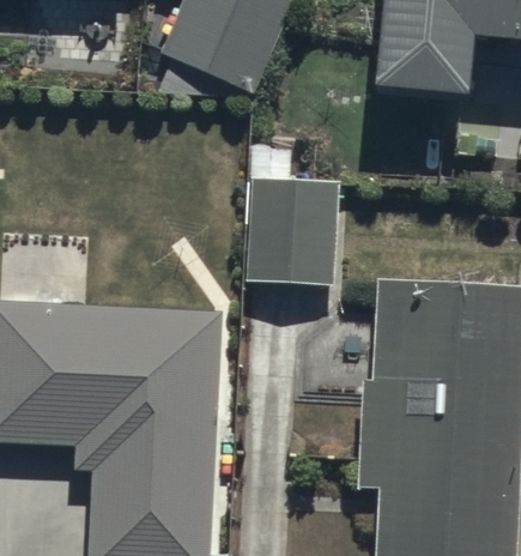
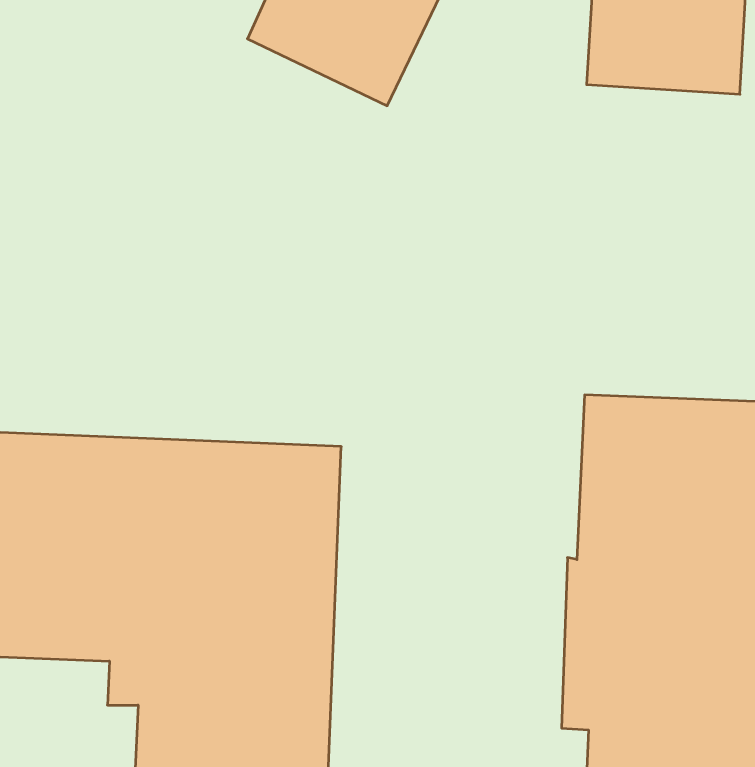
building: [244,151,341,289] -> none

